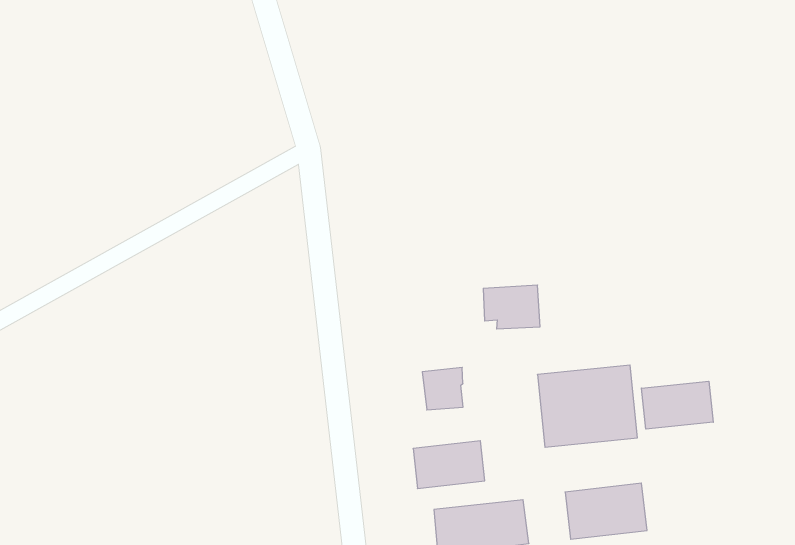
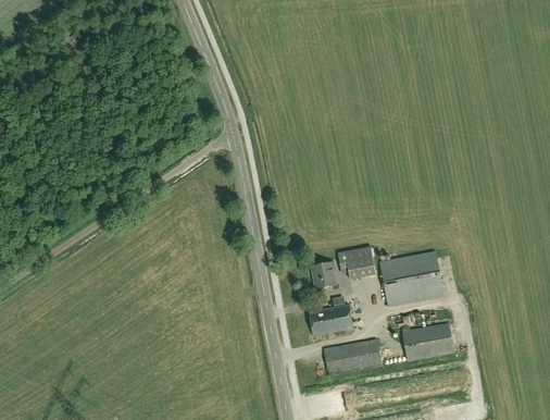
building: [483,285,540,329] -> [339,245,375,273]
building: [641,381,713,429] -> none

